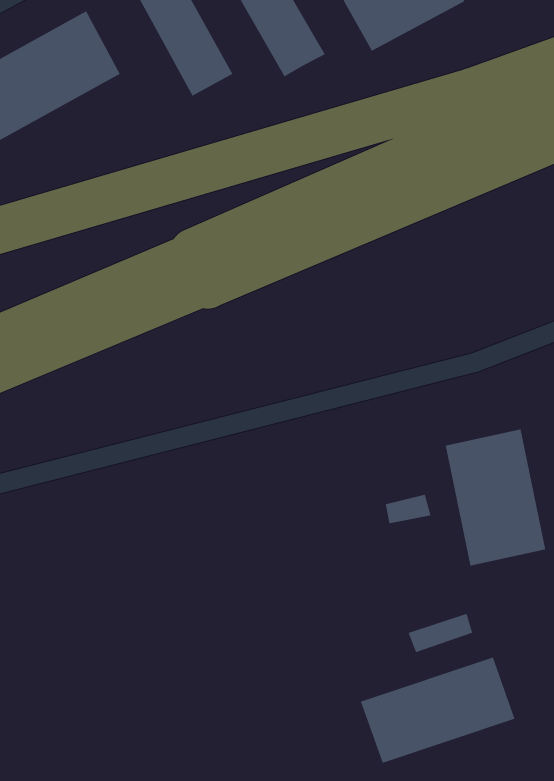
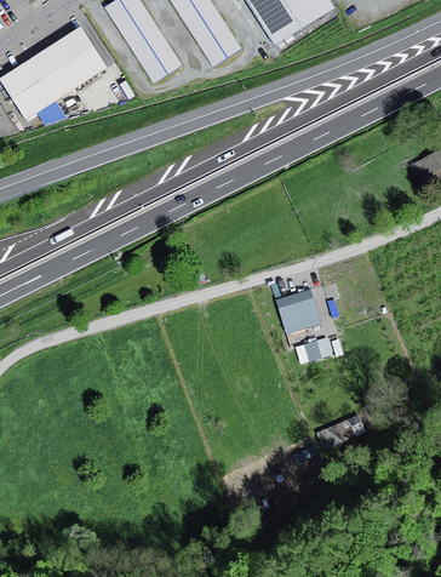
building: none -> [280,287,320,329]
building: [445,429,546,566] -> none
building: [360,656,516,764] -> none

